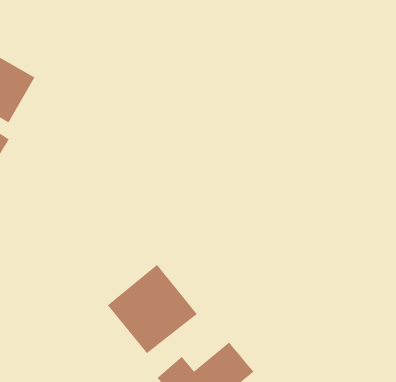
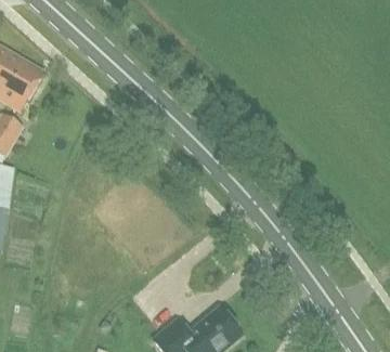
building: [107,264,198,354] -> none

